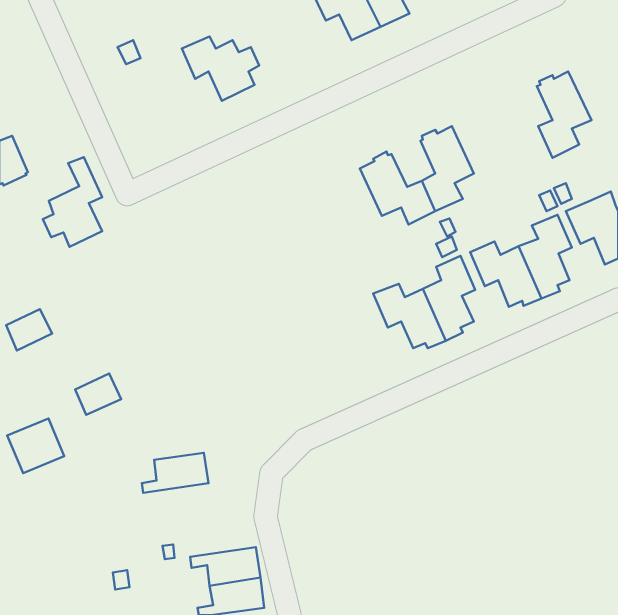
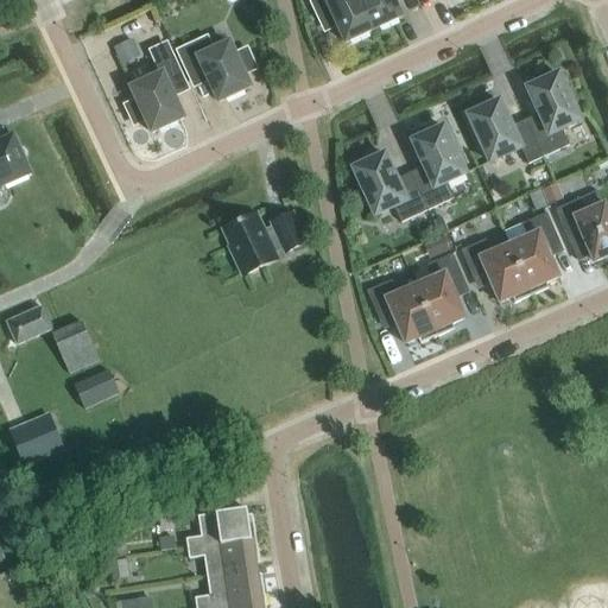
building: none -> [468,96,542,160]
building: [43,157,102,247] -> [125,42,183,129]
building: none -> [221,209,306,272]
building: none -> [51,318,99,370]
building: [142,453,209,493] -> [185,506,251,545]

